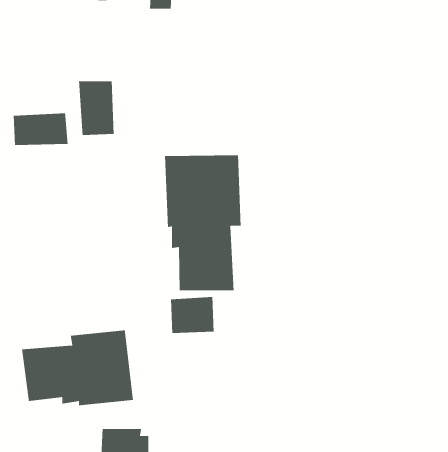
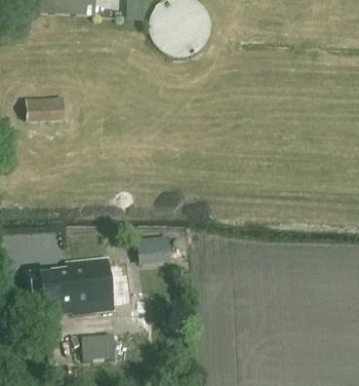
building: [78,80,115,136] -> none
building: [164,154,242,291] -> none

